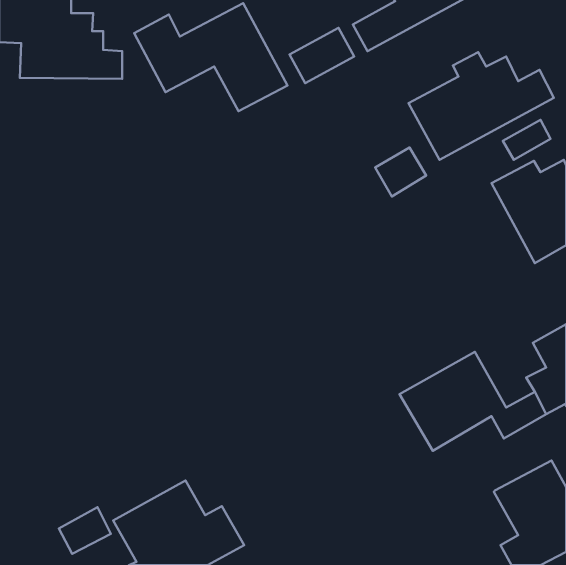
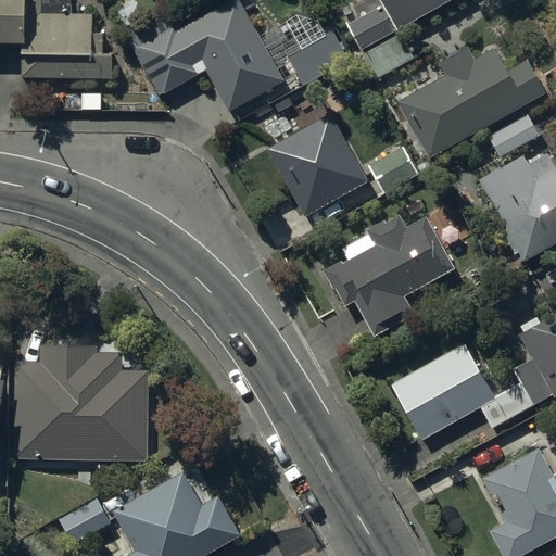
building: none -> [271,118,366,216]
building: none -> [334,213,453,331]
building: none -> [13,344,146,458]

